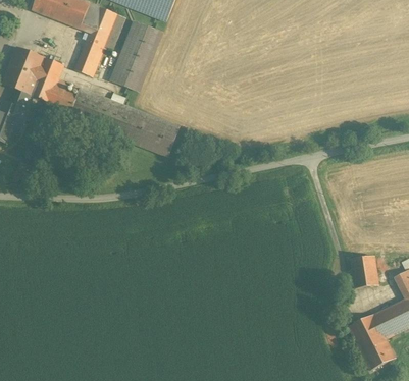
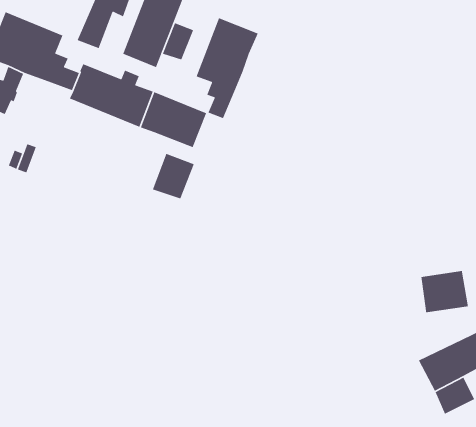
building: none -> [196,17,259,119]
building: none -> [162,22,194,61]
building: none -> [152,153,195,199]

